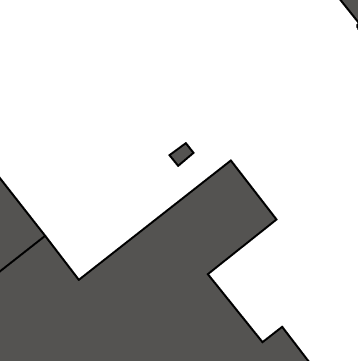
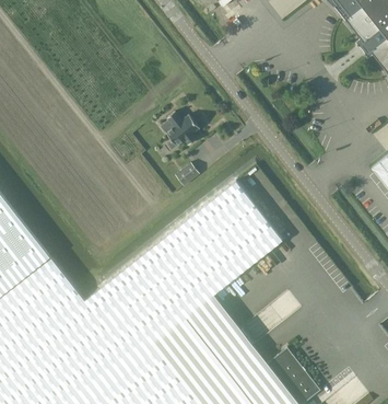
building: none -> [165,114,198,152]

